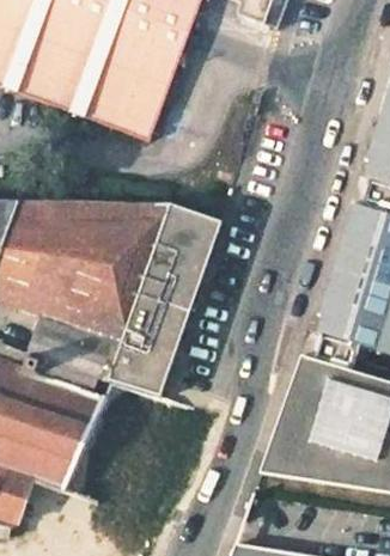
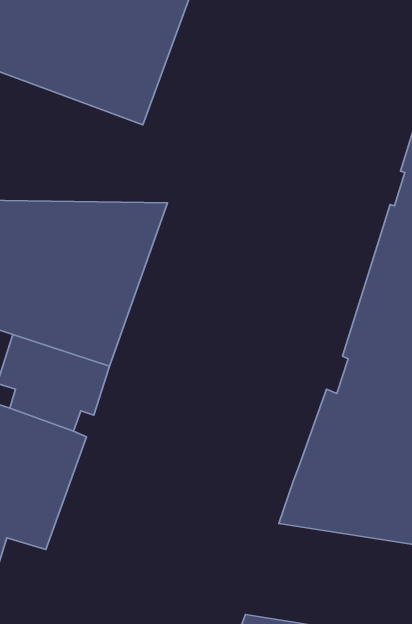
building: [108,204,220,396] -> none

